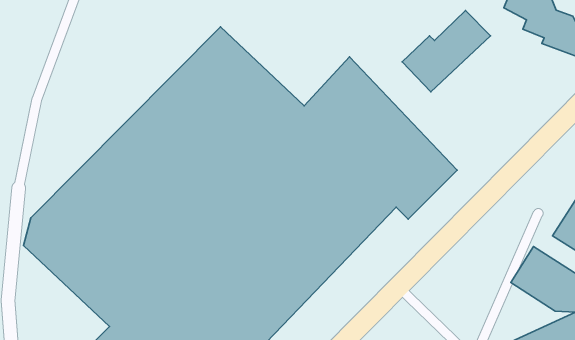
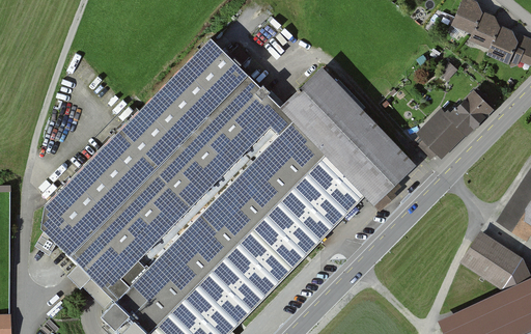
building: [402,11,491,92] -> [417,88,494,159]

